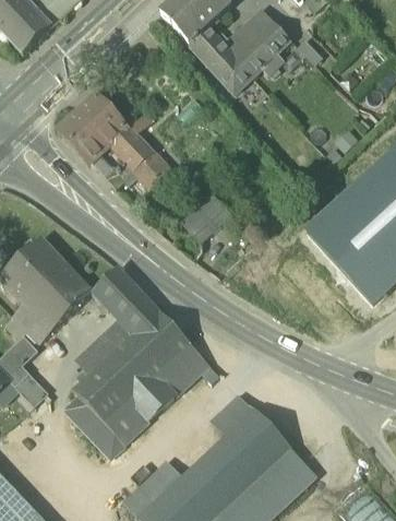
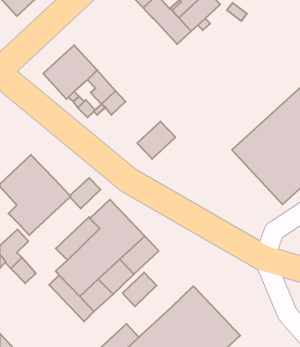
building: [107,283,145,321] -> none
building: [209,393,254,438] -> [123,272,157,306]

